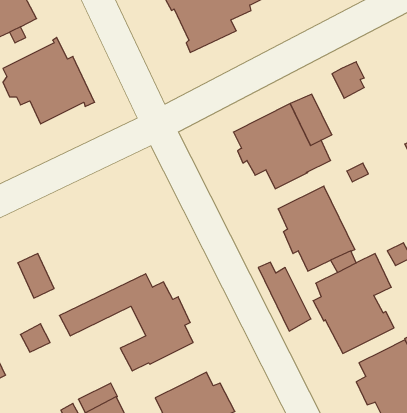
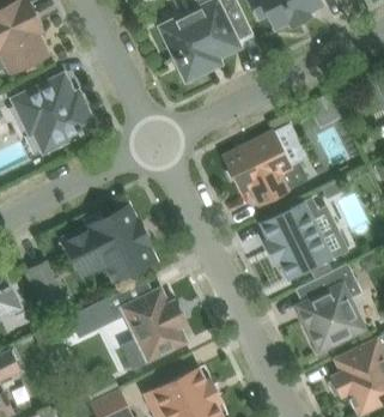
building: none -> [65,208,153,282]
building: [258,262,311,331] -> [301,199,348,260]

